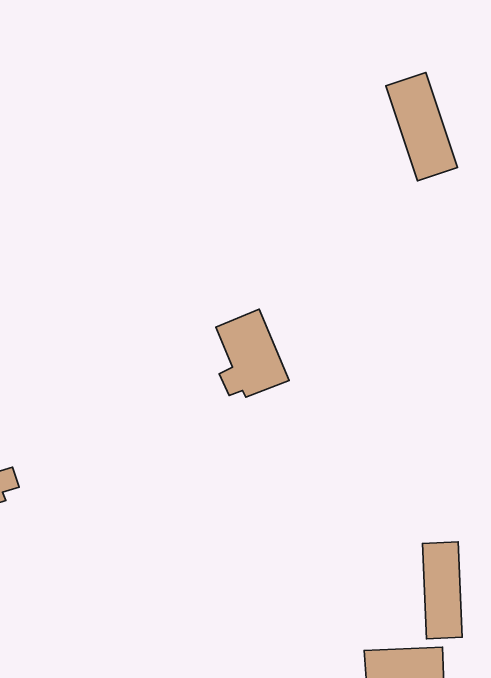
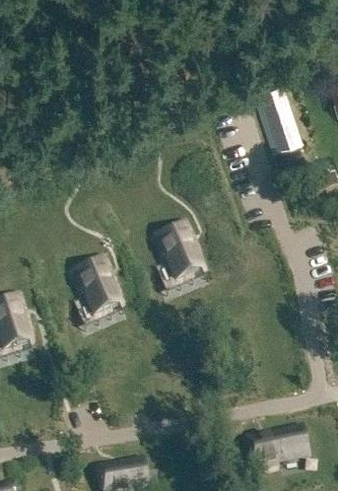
building: none -> [73,262,118,317]
building: [422,542,462,639] -> none

